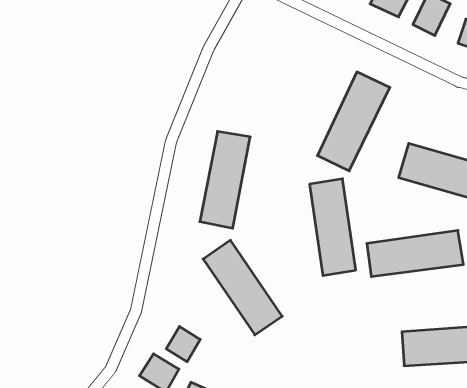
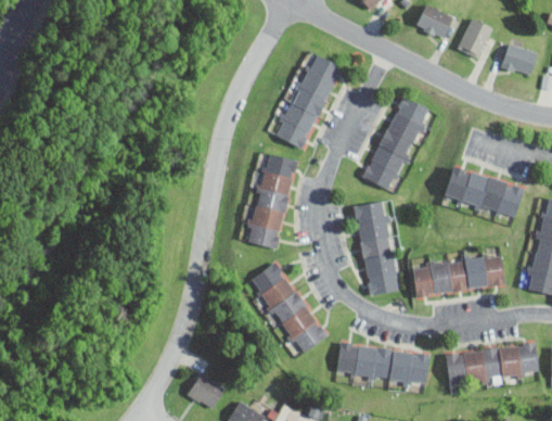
building: none -> [272,53,343,150]
building: none -> [336,343,431,387]
building: [166,326,200,362] -> none

